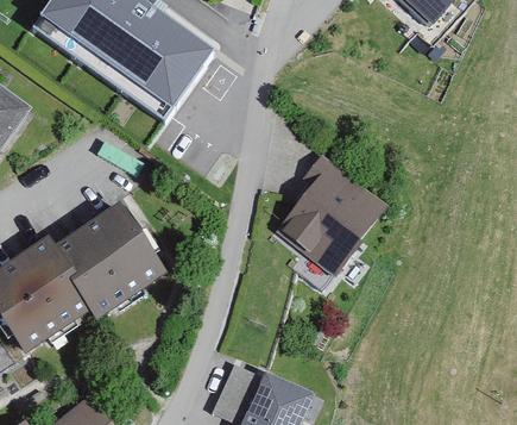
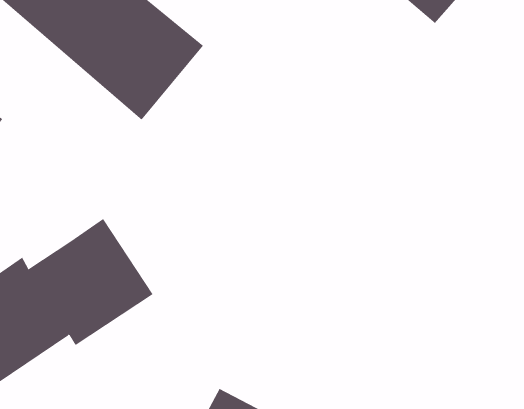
building: [279,173,383,277] -> none

